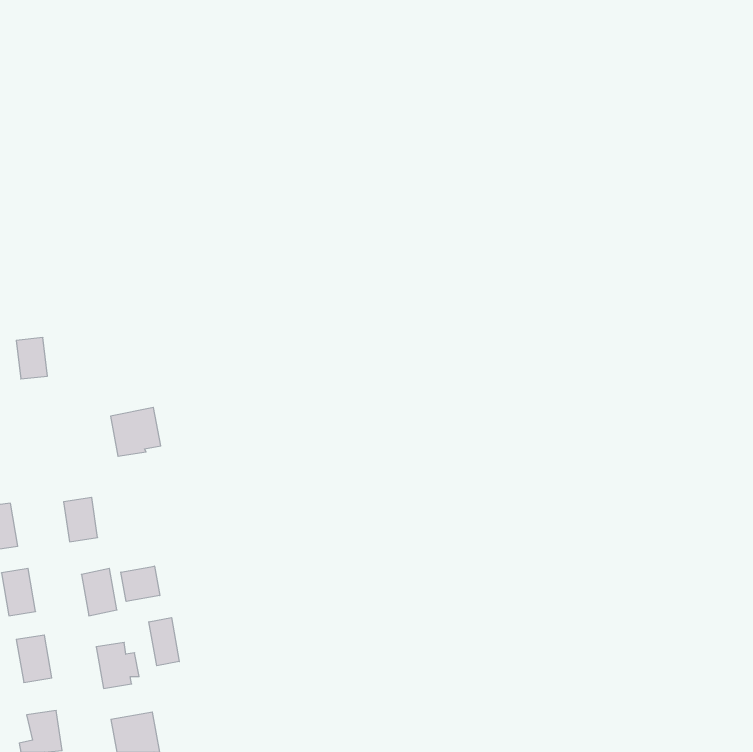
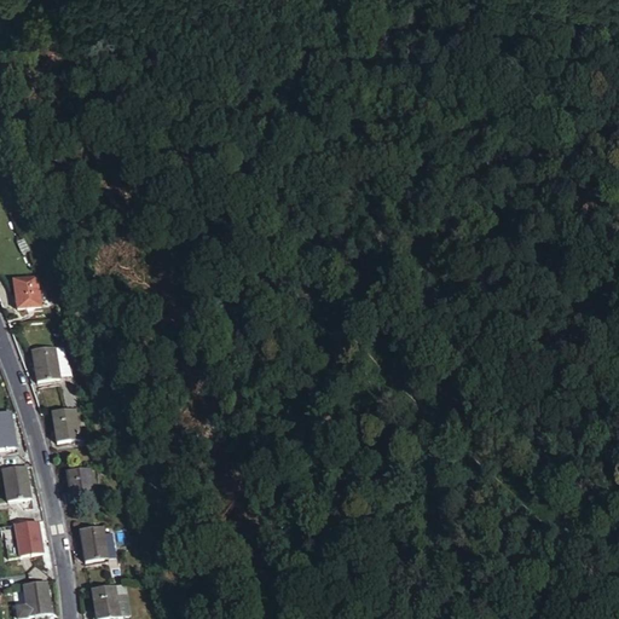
building: [111,407,161,456] -> [31,342,73,382]
building: [121,566,160,601] -> none
building: [149,618,179,666] -> none

